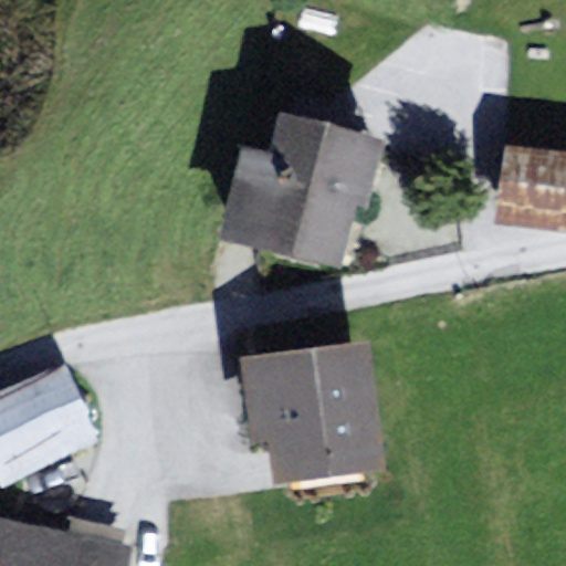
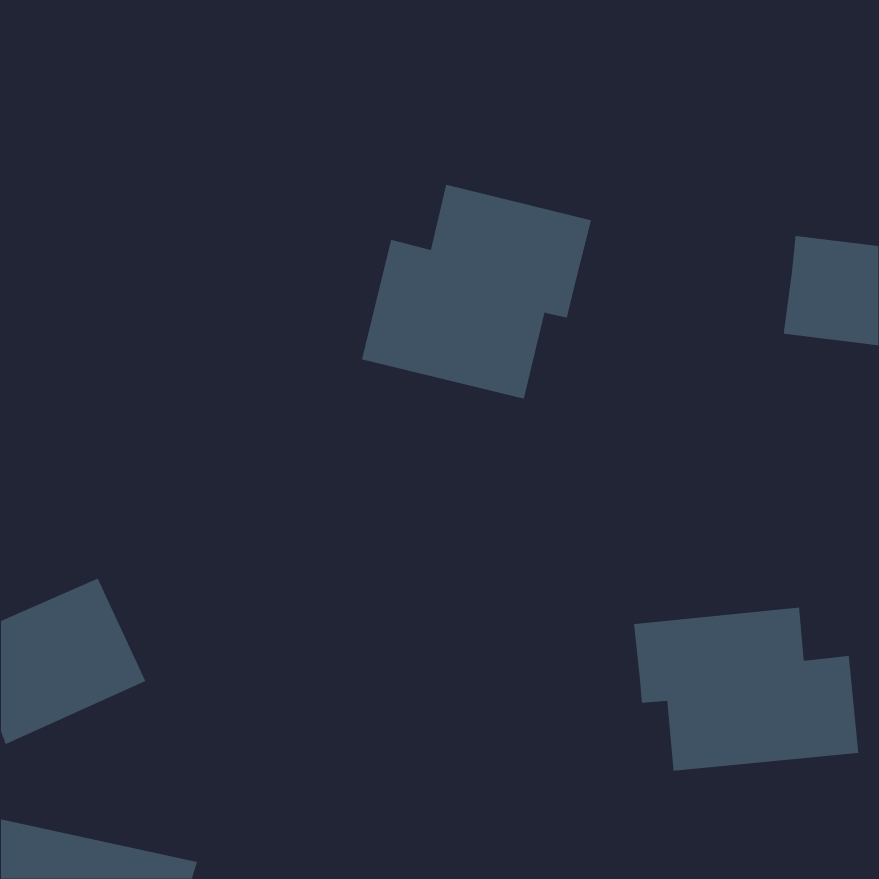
building: [243,346,380,475] -> none
building: none -> [633,607,859,772]

